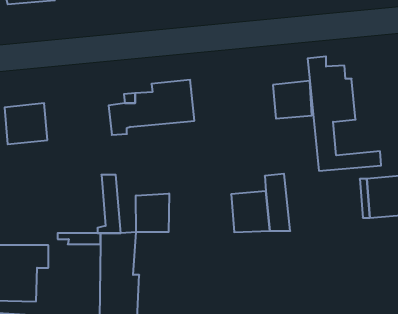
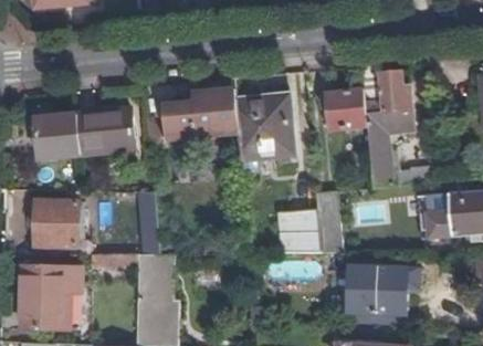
building: none -> [235,94,294,160]
building: none -> [76,108,134,154]
building: none -> [34,200,77,245]
building: [136,193,169,232] -> none
building: none -> [348,266,407,329]

